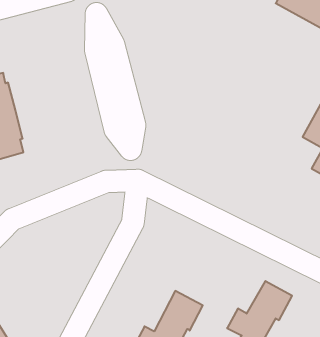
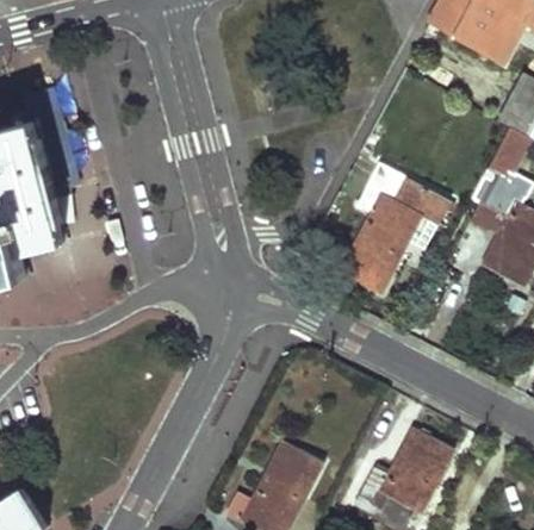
building: none -> [341,166,451,293]

